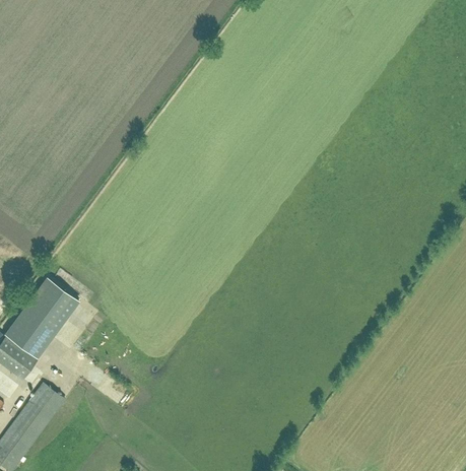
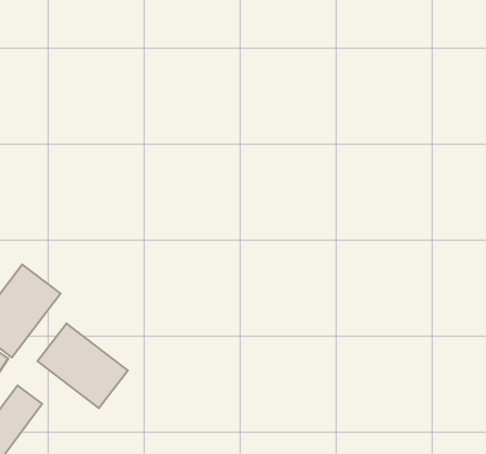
building: none -> [37,324,128,408]

